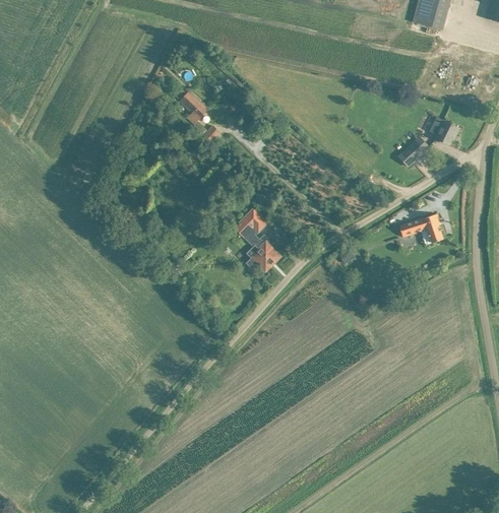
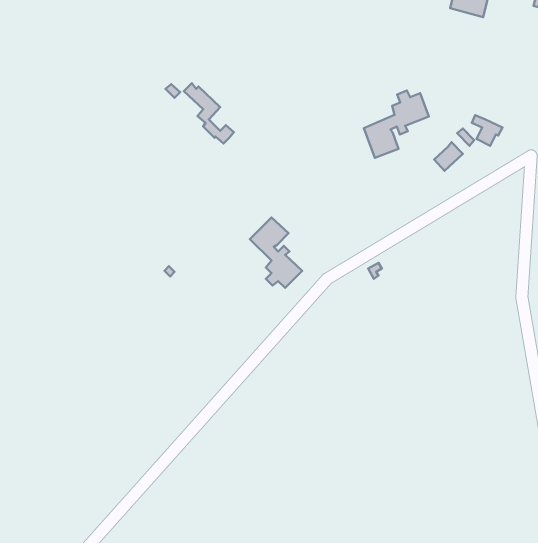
building: none -> [364,90,429,158]
building: [398,213,443,243] -> none

